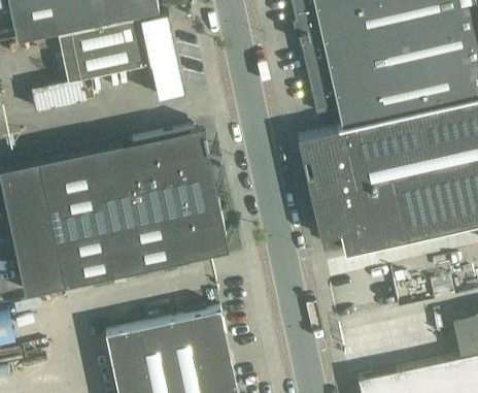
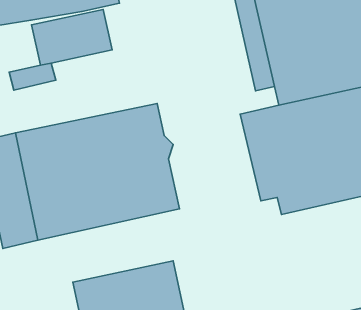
building: [140,13,186,100] -> none

